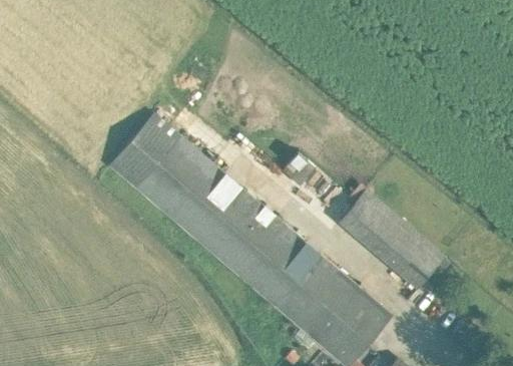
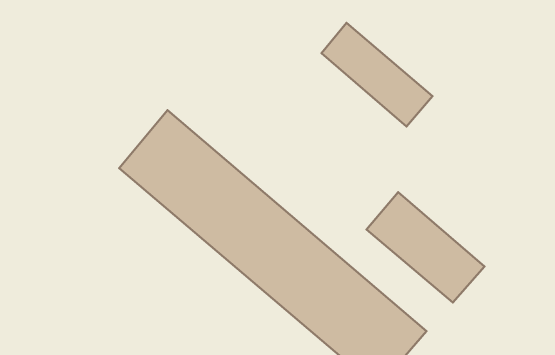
building: none -> [321,23,433,127]

